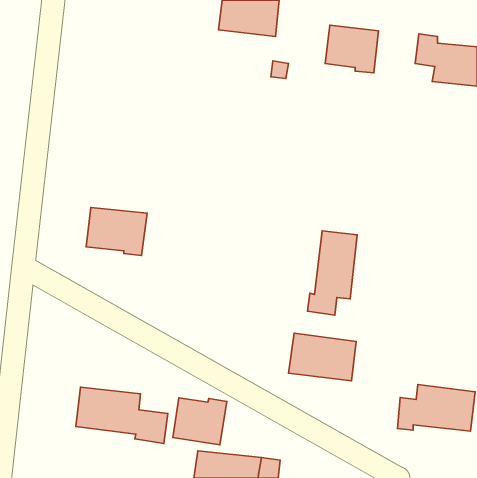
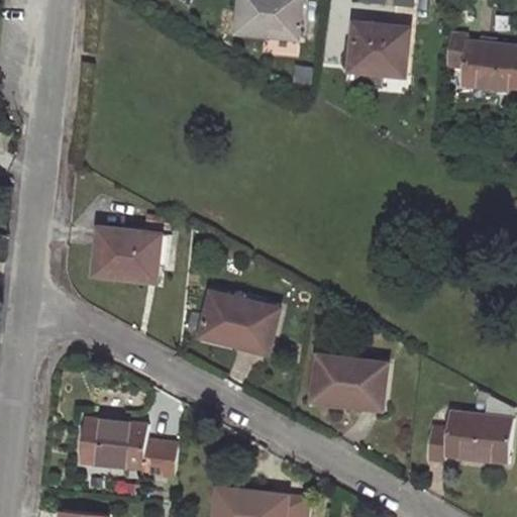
building: [308,231,357,315] -> none
building: none -> [199,291,276,351]
building: [173,398,227,445] -> none

